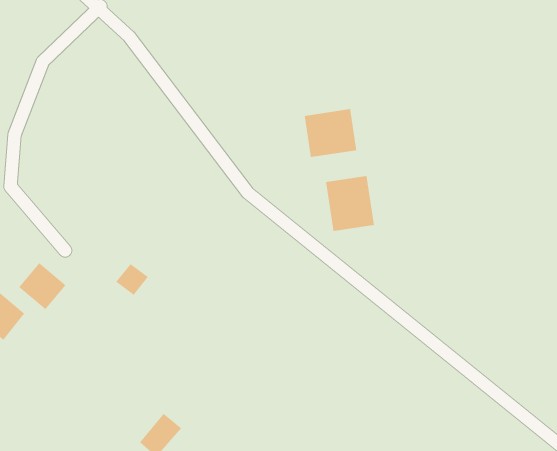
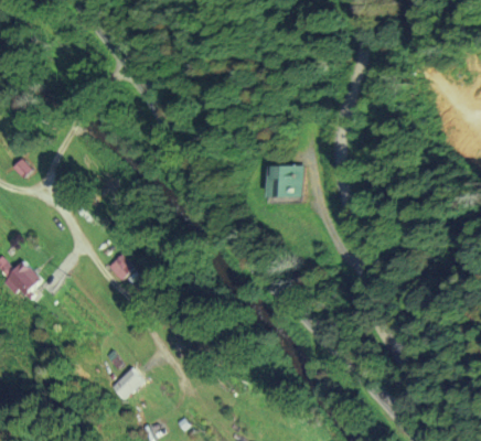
building: [325,175,375,232] -> none
building: [18,262,67,310] -> none

